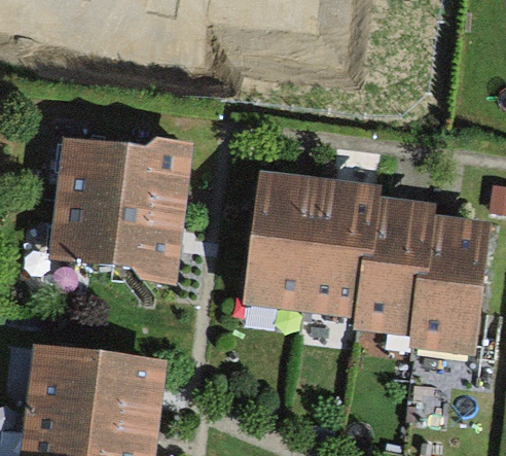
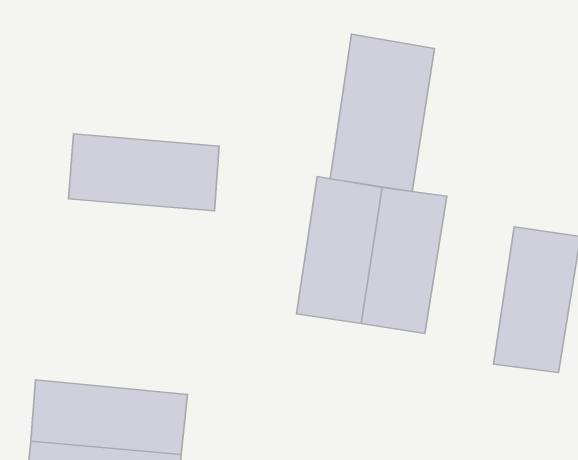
building: none -> [330,34,434,191]
building: [55,194,182,257] -> none
building: [359,202,435,325] -> none

